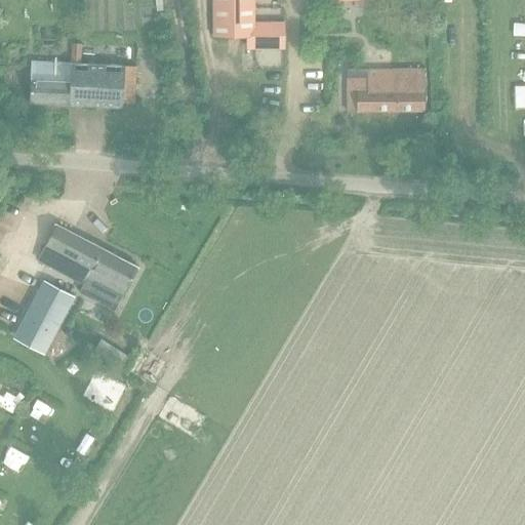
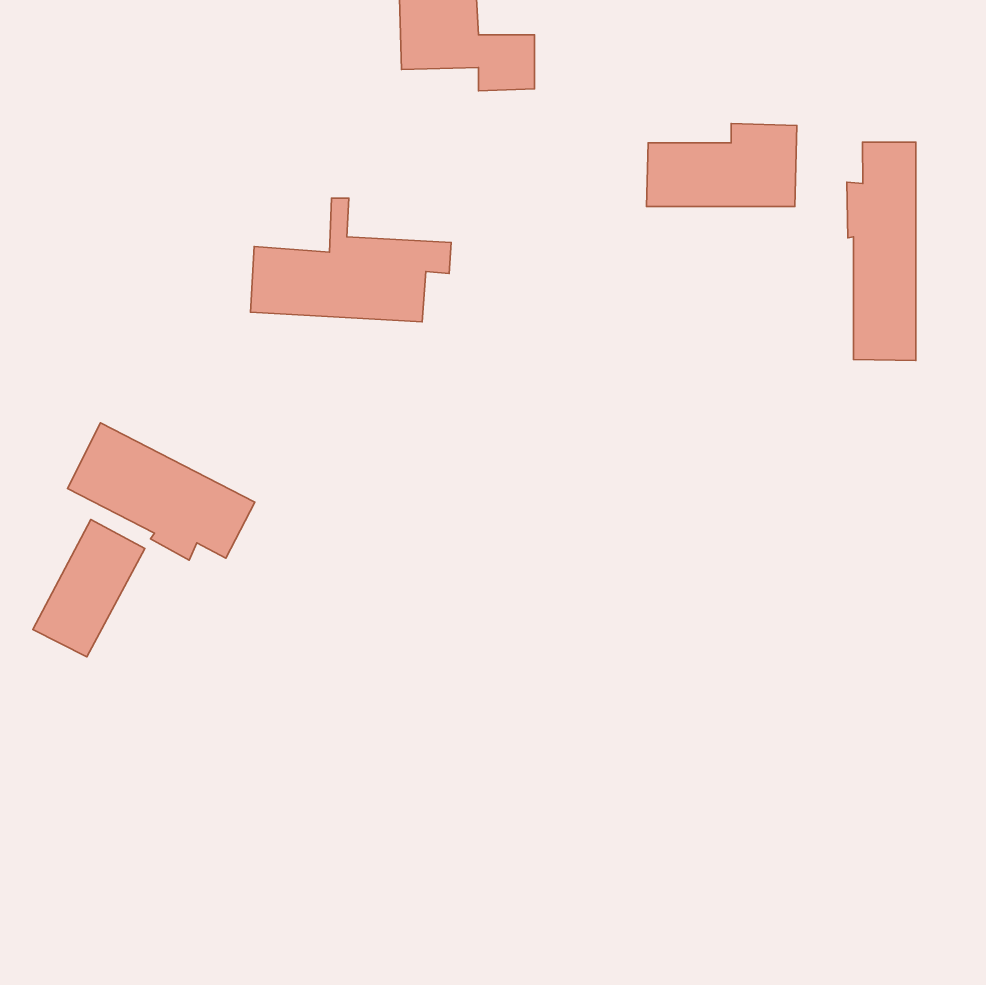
building: [28,42,134,108] -> [250,198,451,322]
building: none -> [847,142,916,360]

